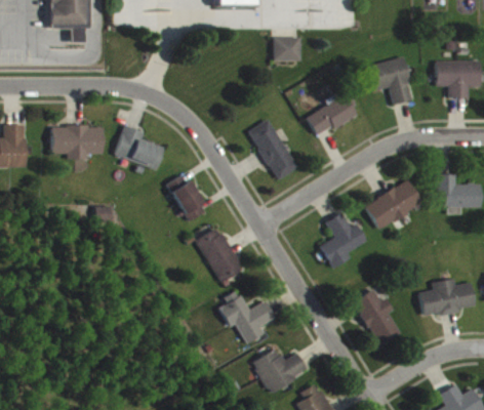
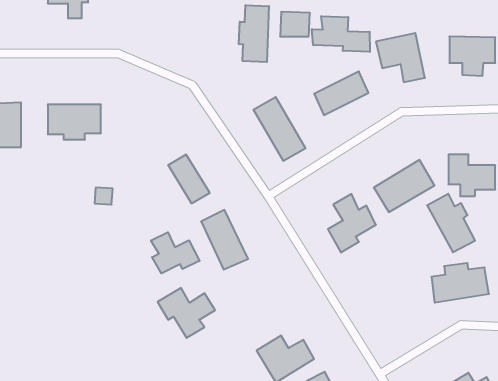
building: none -> [239,5,269,62]
building: none -> [312,16,370,52]
building: [114,125,164,169] -> none
building: none -> [151,232,200,273]
building: [353,288,399,344] -> [427,194,475,252]
building: [218,295,274,343] -> [158,288,215,338]

